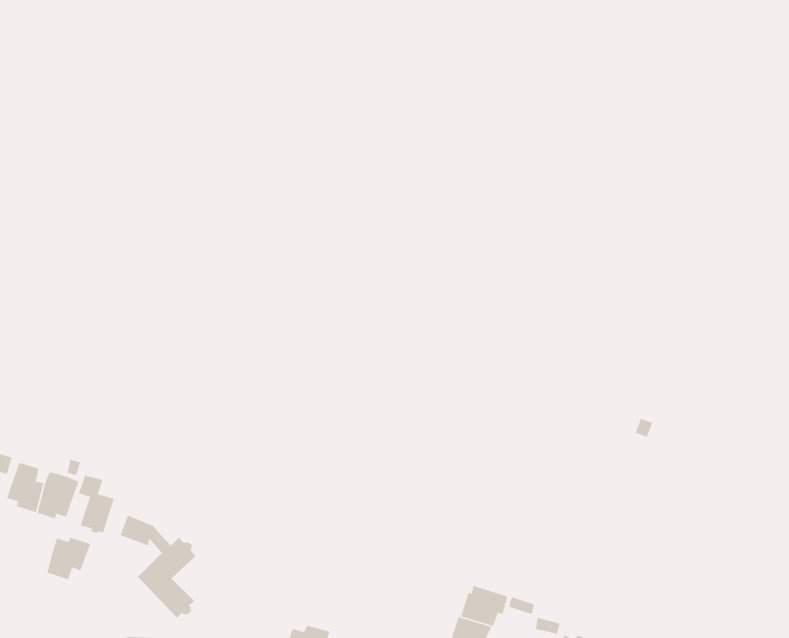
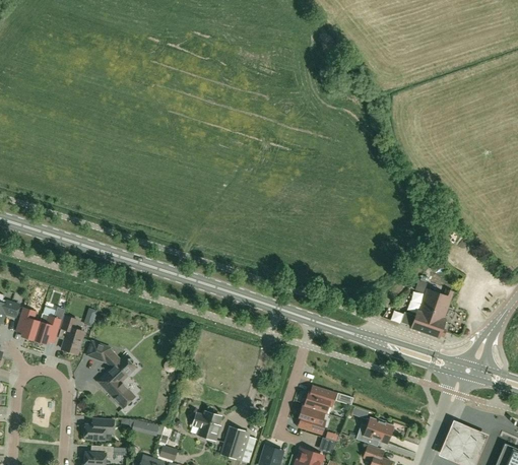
building: none -> [400,289,453,336]
building: [46,536,91,580] -> none

